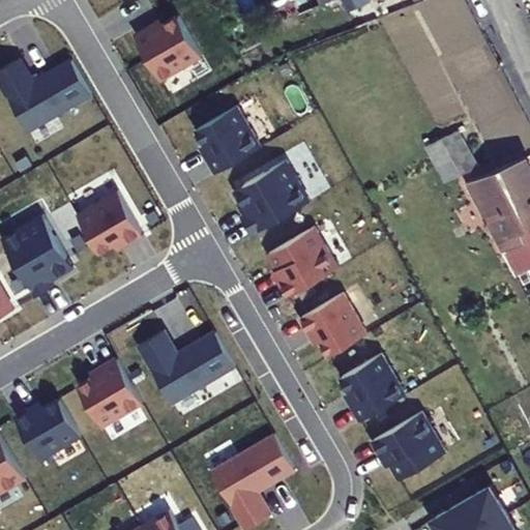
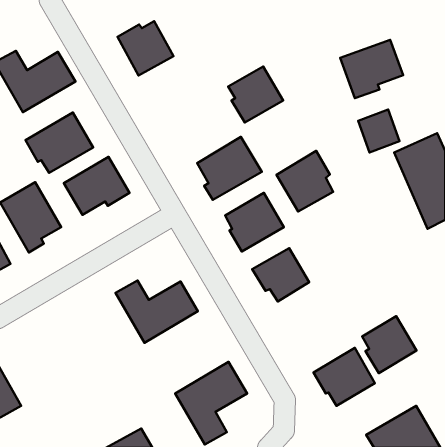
building: none -> [340,40,403,98]
building: [194,109,259,175] -> [228,66,283,123]
building: none -> [25,113,93,173]
building: none -> [277,151,333,212]
building: [338,355,403,422] -> [362,316,416,373]
building: [76,359,143,429] -> none
building: [14,400,81,462] -> none

